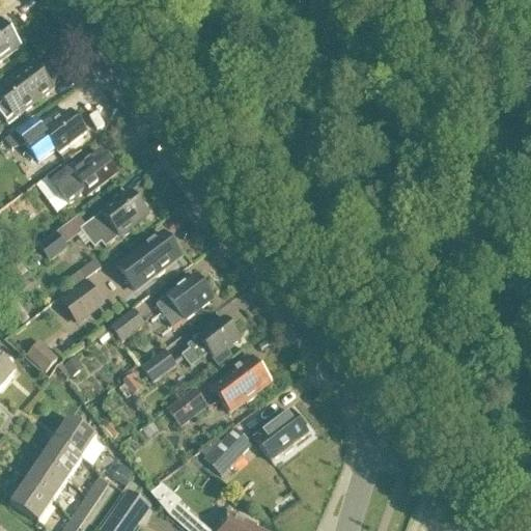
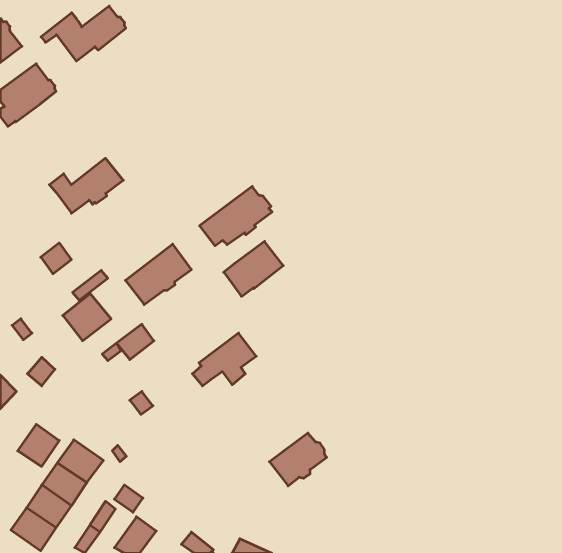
building: [5,108,85,160] -> [41,6,126,61]
building: [79,189,147,245] -> [200,186,272,246]
building: [157,274,213,326] -> [224,241,283,296]
building: [141,347,176,381] -> none
building: [213,356,271,410] -> none
building: [166,385,207,425] -> none
building: none -> [18,424,59,466]
building: [201,424,252,474] -> none

